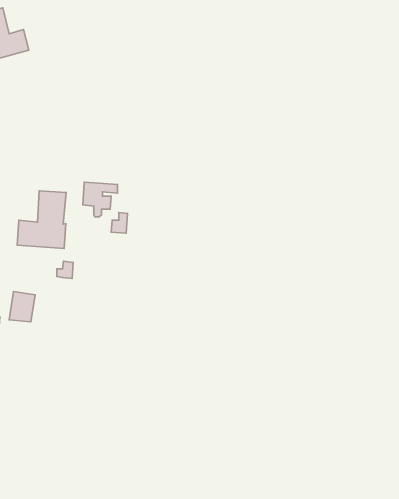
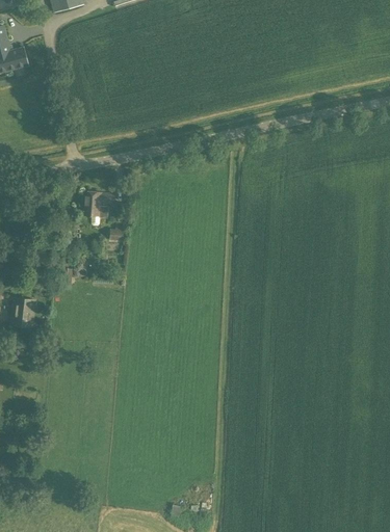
building: [17,191,66,249] -> none

